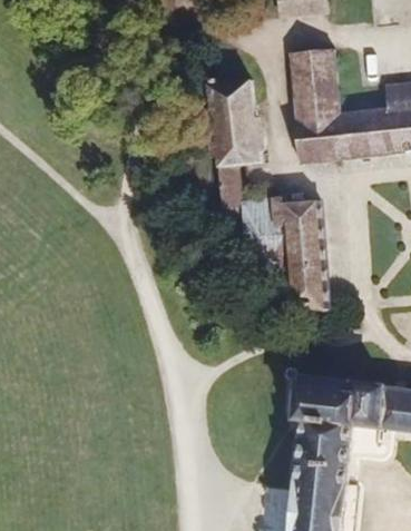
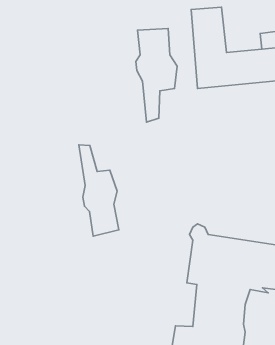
building: [243,198,335,315] -> none
building: none -> [79,145,119,236]

